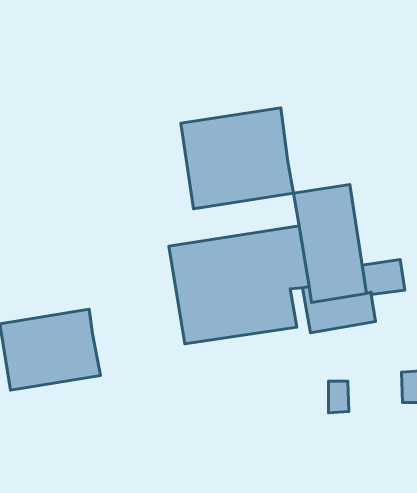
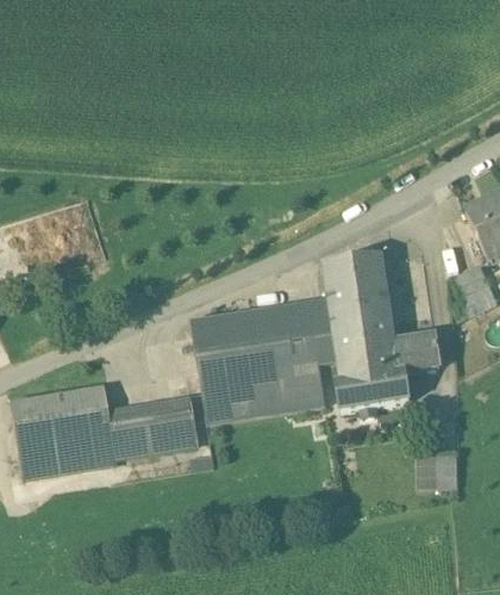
building: [181,108,294,209] -> none
building: none -> [110,398,198,455]
building: [329,381,349,413] -> [417,452,438,485]

